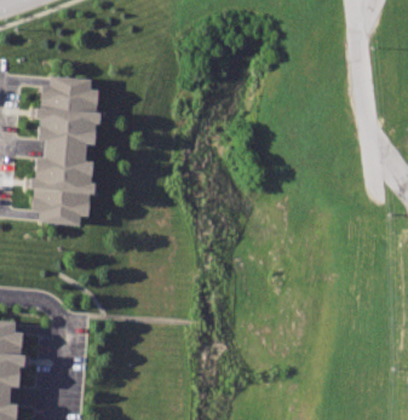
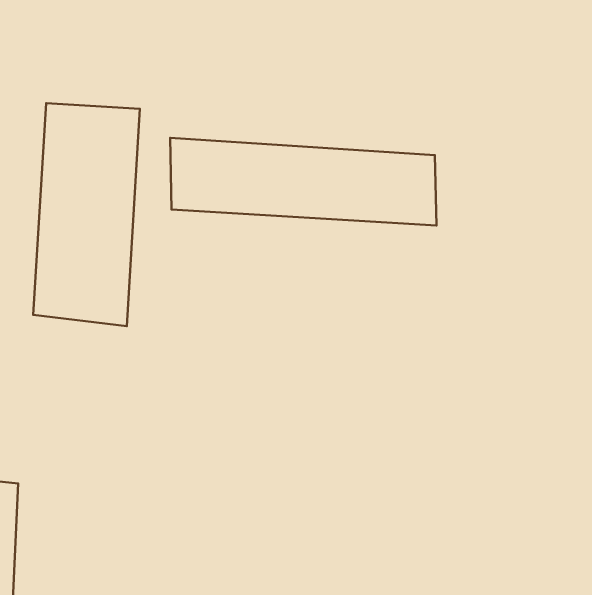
building: none -> [170,138,436,226]

